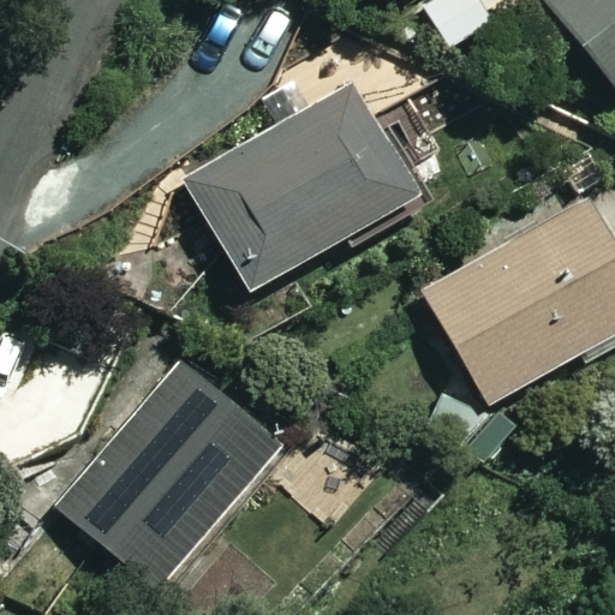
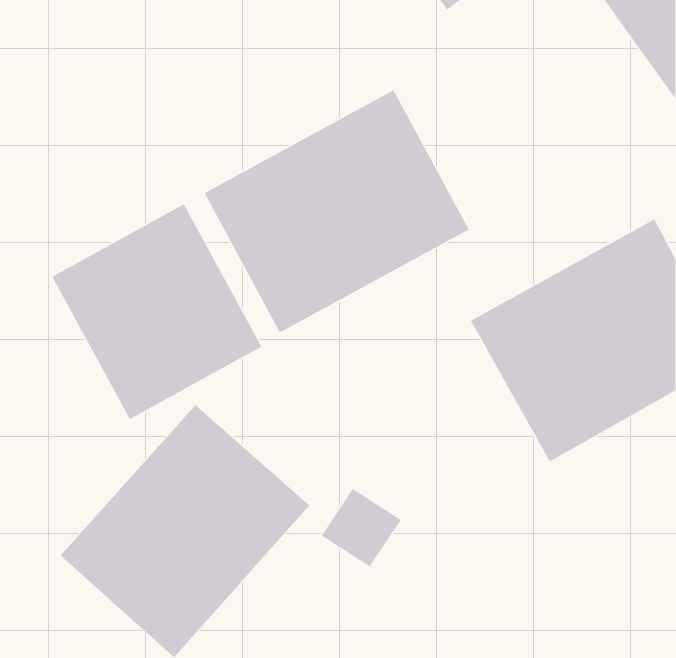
building: none -> [51,203,263,420]

